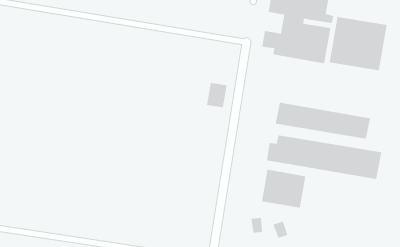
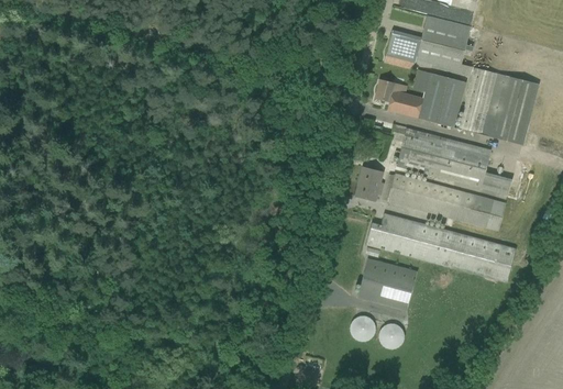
building: none -> [390,123,514,193]
building: [206,82,228,108] -> [355,166,385,200]

